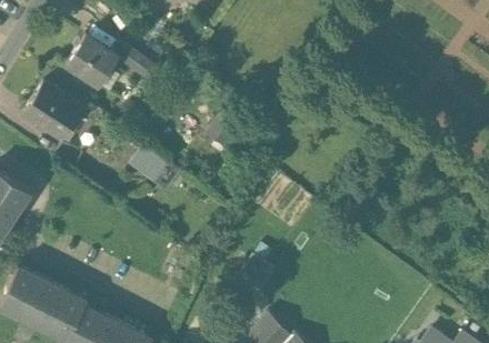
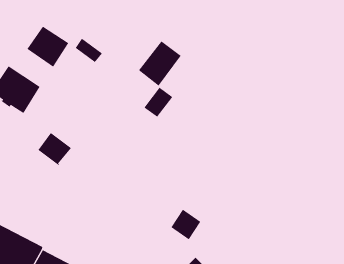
building: none -> [138,40,182,86]
building: [129,144,170,184] -> [38,132,72,166]

